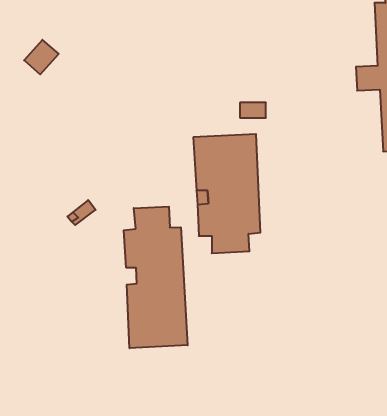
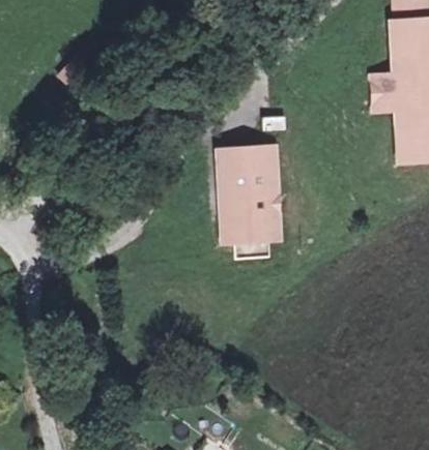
building: [124,207,188,348] -> none

